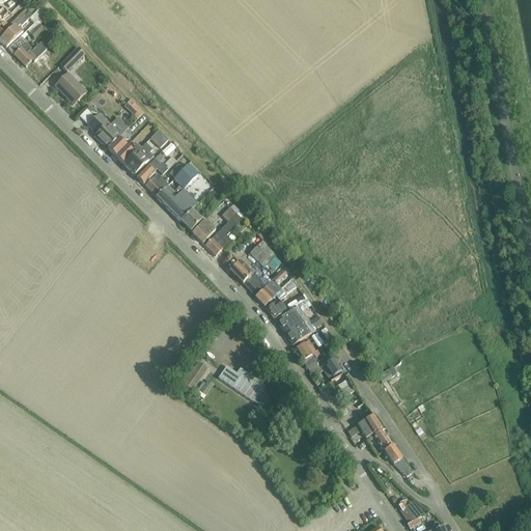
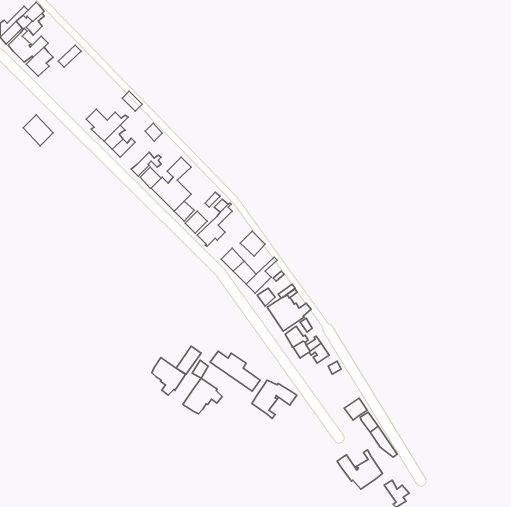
building: [55,71,86,103] -> [23,115,53,146]
building: [124,141,155,173] -> none
building: none -> [152,358,186,395]
building: none -> [183,378,222,414]
building: none -> [252,380,297,419]
building: none -> [337,450,382,489]

